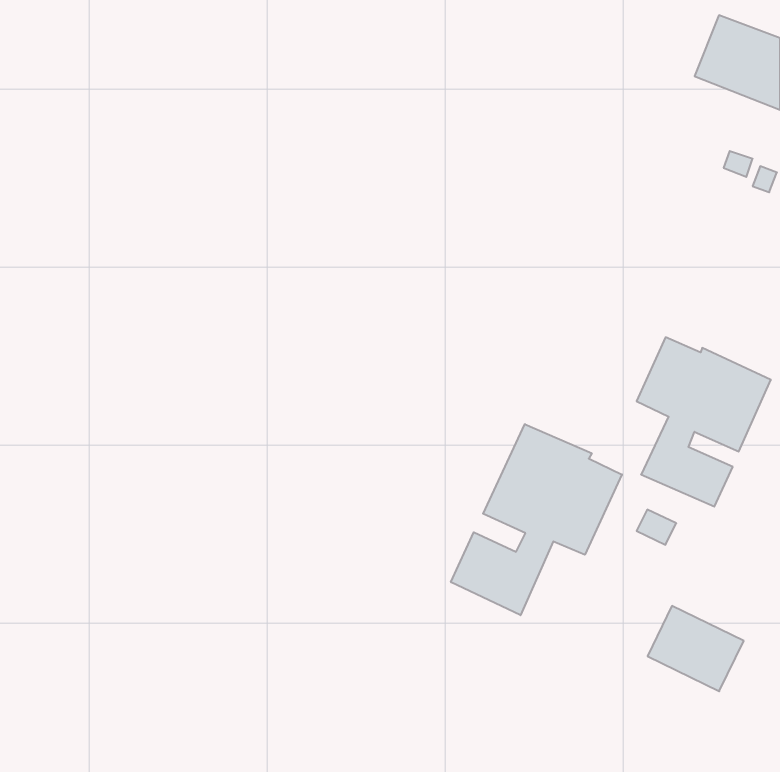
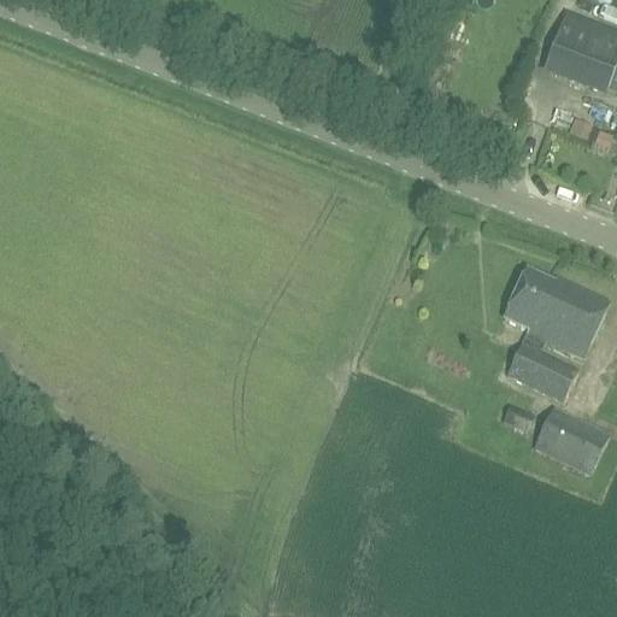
building: [451,424,622,615] -> none
building: [648,606,744,691] -> [534,405,610,472]

